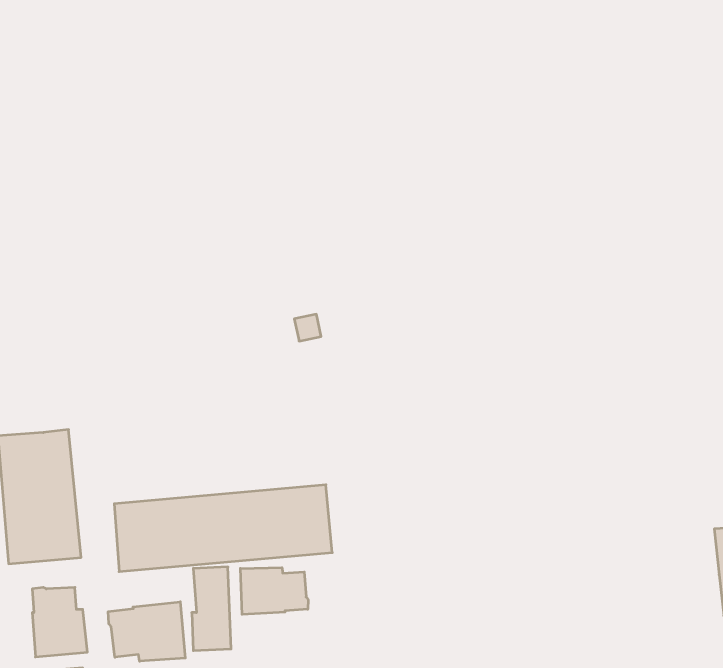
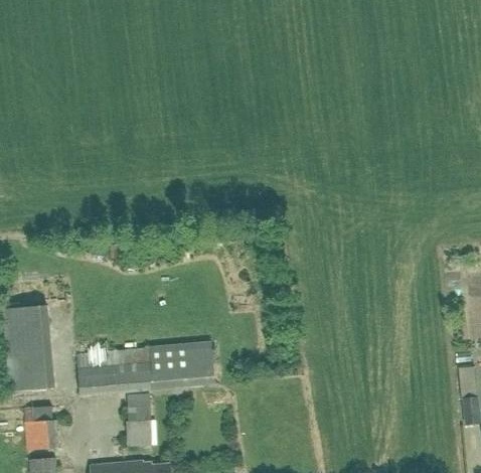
building: [240,568,308,614] -> none
building: [108,602,185,661] -> none

